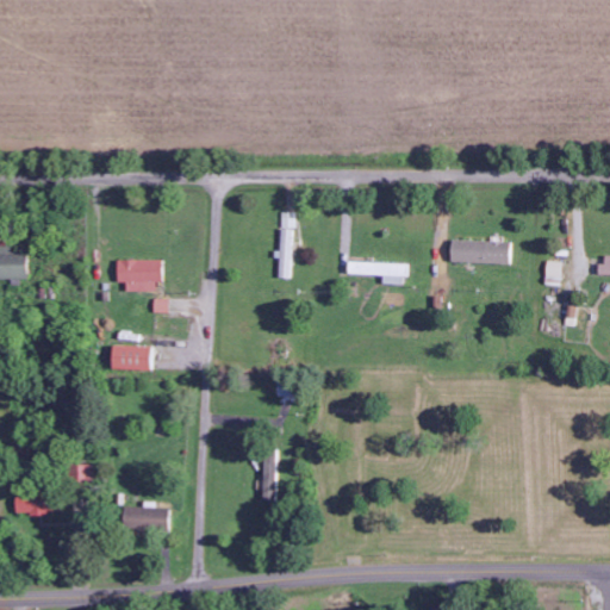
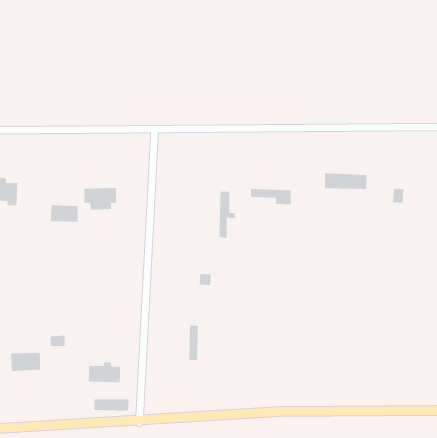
building: [278,212,300,279] -> [219,191,235,239]
building: [111,346,150,371] -> [50,205,78,223]
building: none -> [93,398,129,412]

